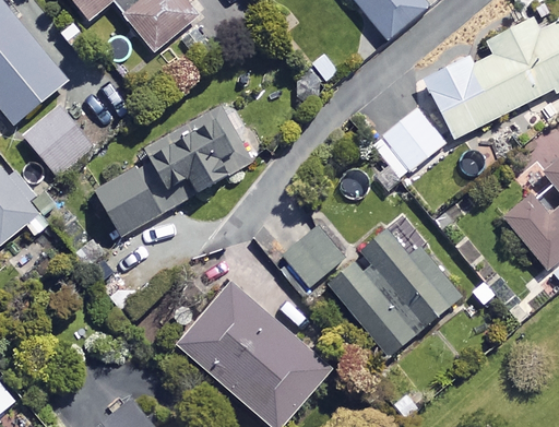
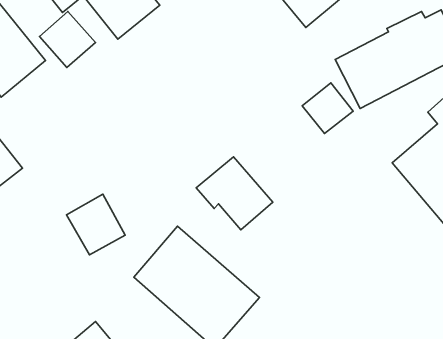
building: [26,107,95,176] -> [39,11,95,68]
building: [143,115,237,195] -> none
building: [91,163,163,237] -> [66,194,125,255]
building: [329,225,460,356] -> none

